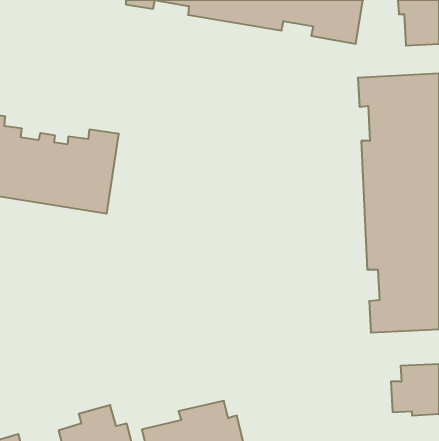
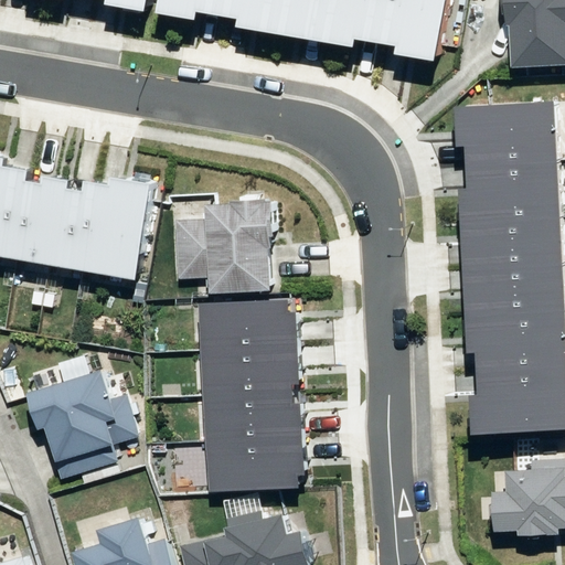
building: none -> [175,202,271,294]
building: none -> [203,298,307,490]
building: none -> [29,373,135,478]

